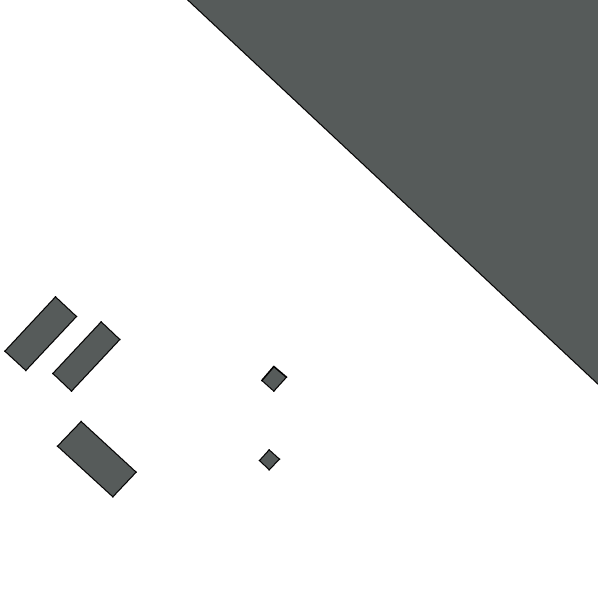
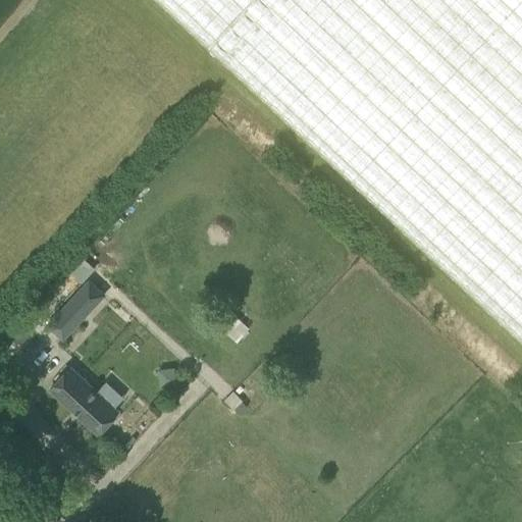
building: [5,297,76,370] -> none

